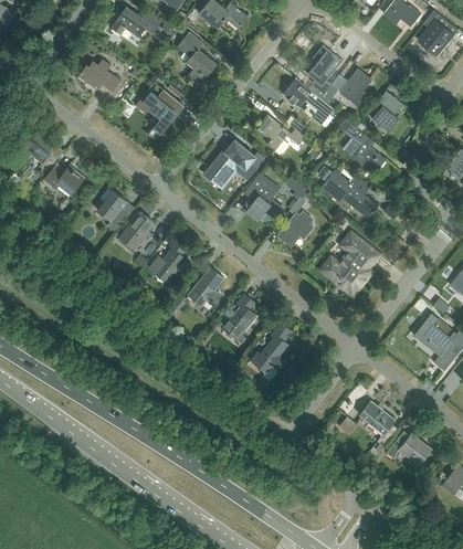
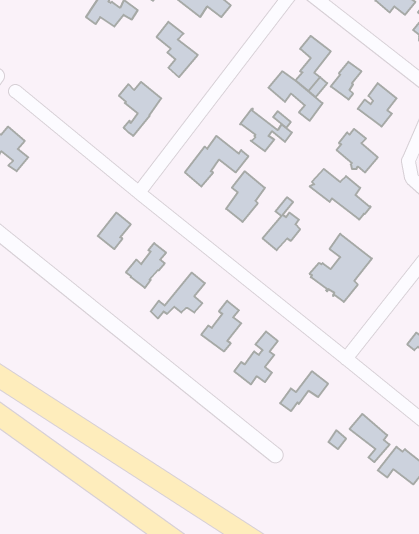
building: [78,61,119,94] -> none
building: [44,165,84,194] -> none
building: [94,188,128,229] -> none
building: none -> [280,371,328,411]

